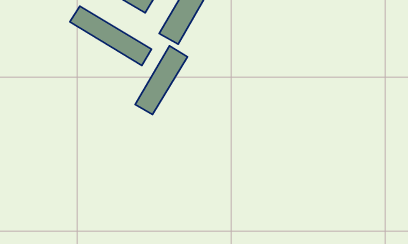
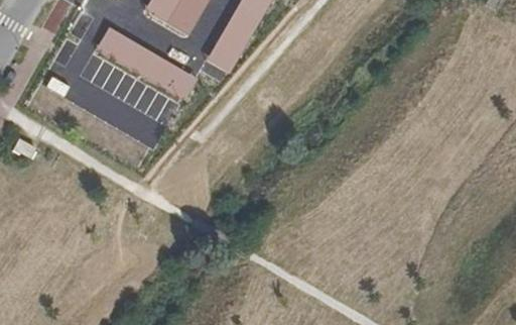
building: [135,46,187,115] -> none

